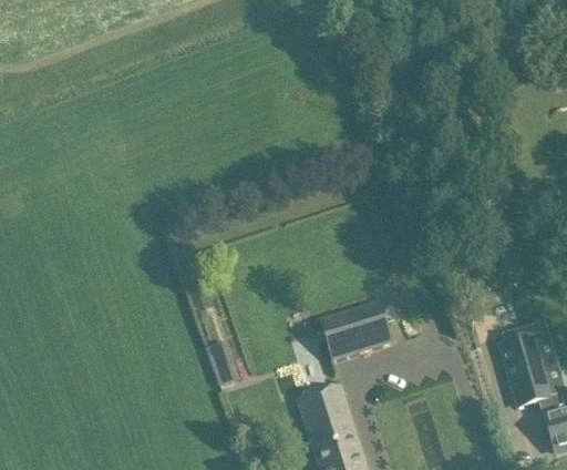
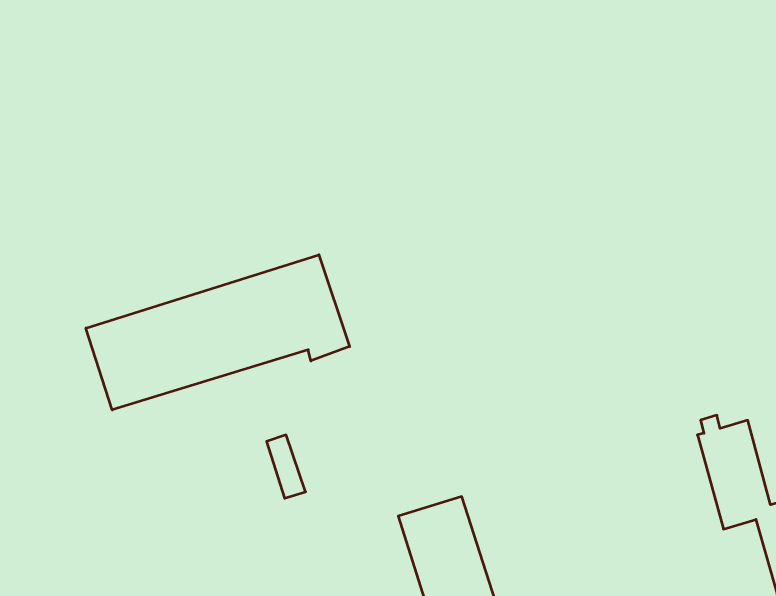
building: none -> [86,255,350,410]
building: [321,300,392,359] -> none

